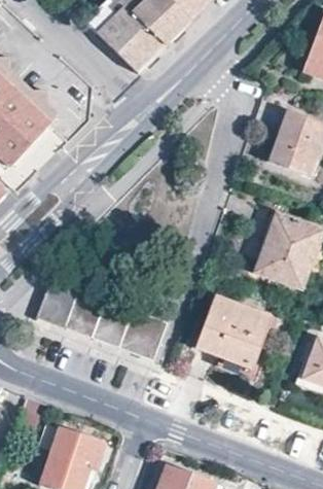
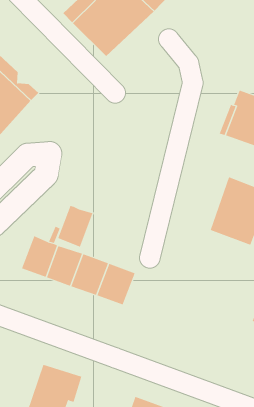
building: none -> [57,205,93,248]
building: [194,295,272,369] -> none

